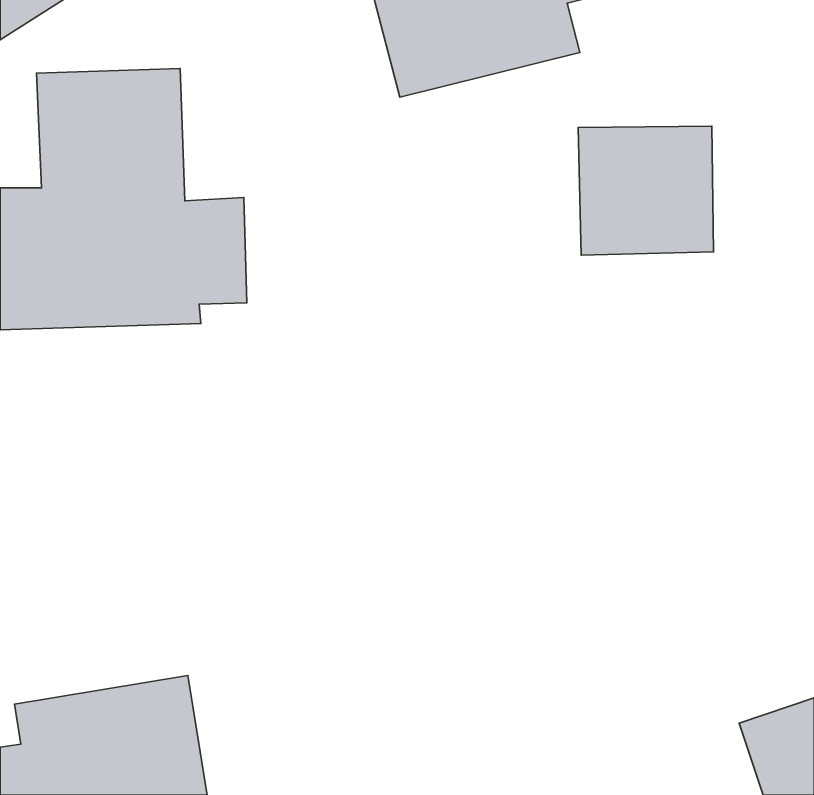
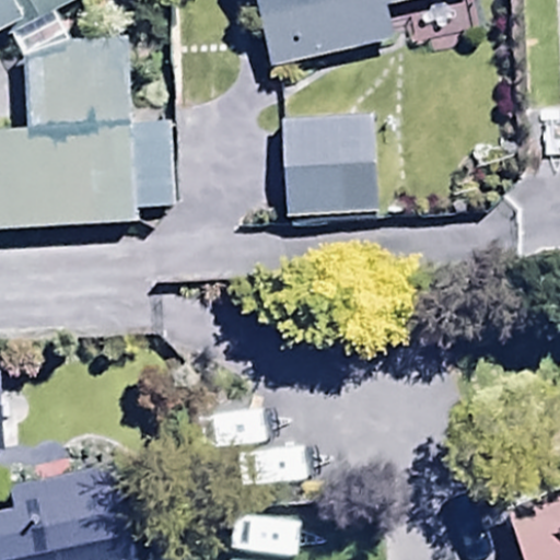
building: [578,126,713,255] -> [280,118,373,207]

